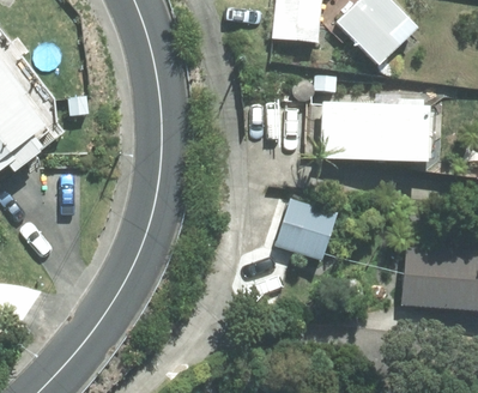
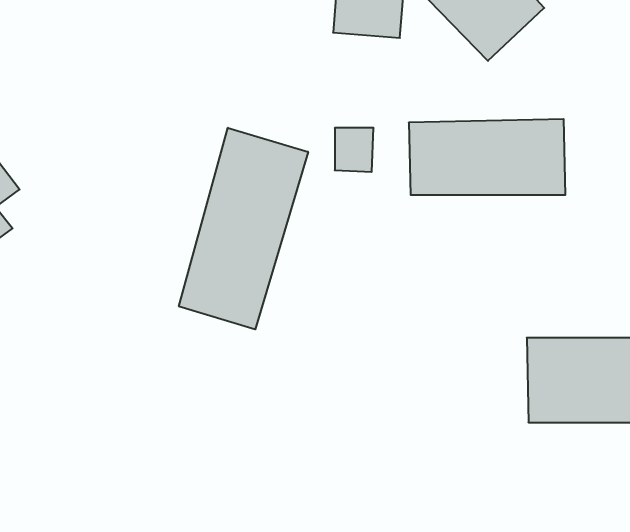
building: none -> [179,128,308,329]
building: [273,192,331,250] -> none

